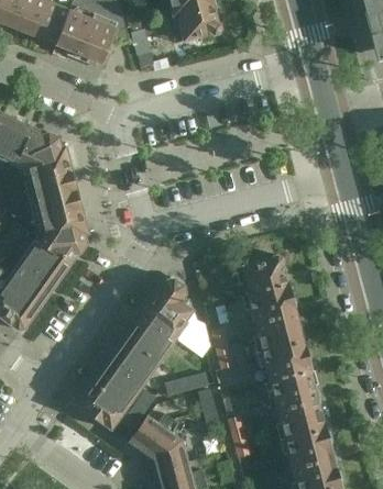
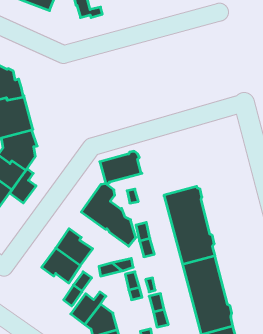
building: [233,254,286,294] -> [100,151,142,184]
building: none -> [10,169,36,203]
building: [127,313,177,359] -> none
building: [79,382,127,429] -> none

